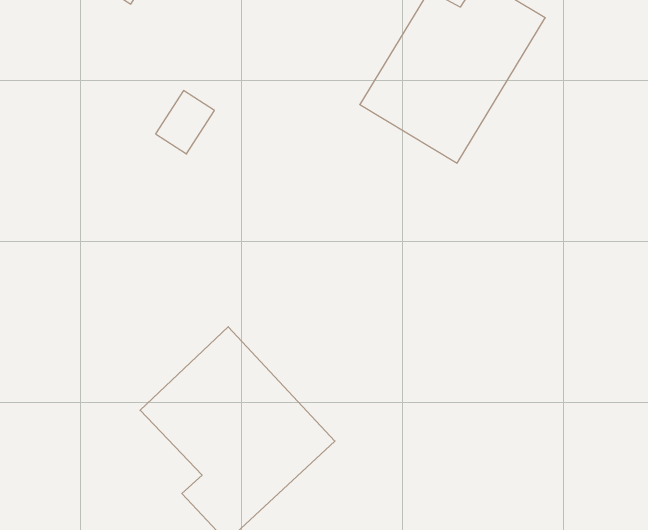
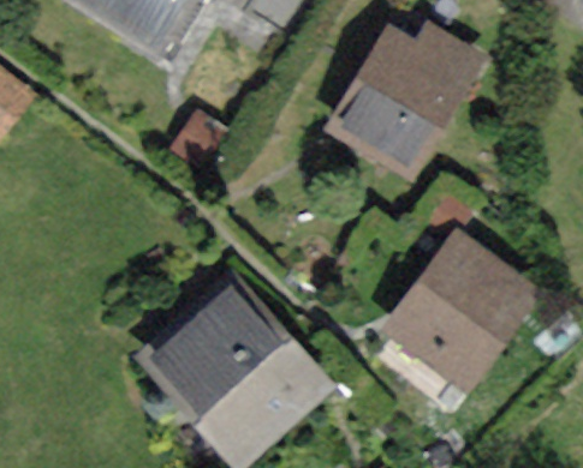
building: none -> [391,236,534,383]

